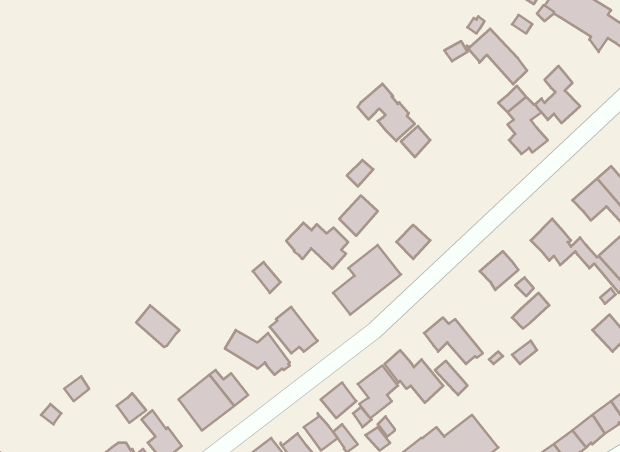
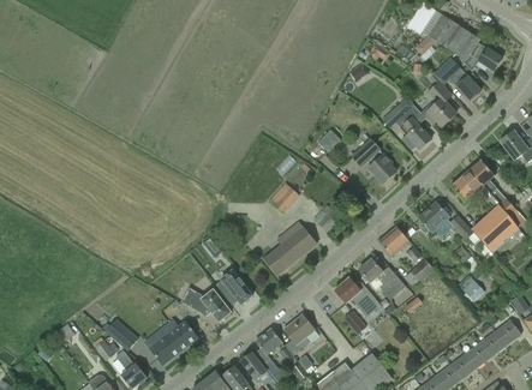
building: [467,29,527,84] -> [434,58,480,101]
building: [358,84,415,141] -> [352,139,396,184]
building: [286,223,348,269] -> none
building: [136,305,179,347] -> [106,318,139,350]
building: [385,350,443,403] -> [359,258,405,299]

